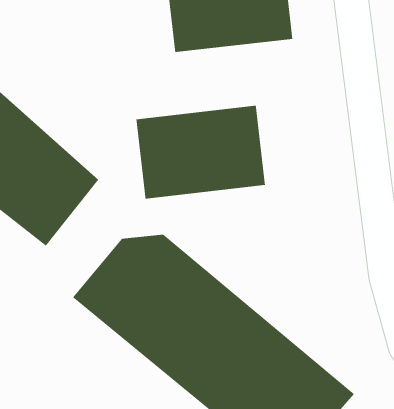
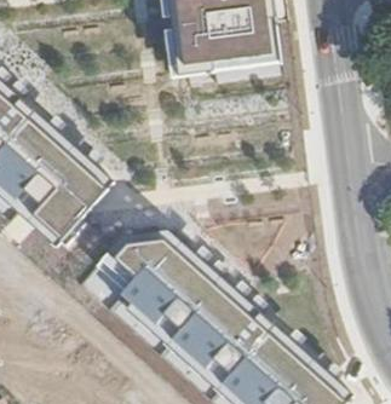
building: [136,105,265,199] -> none

